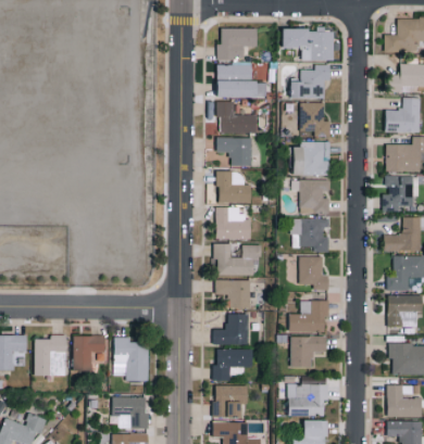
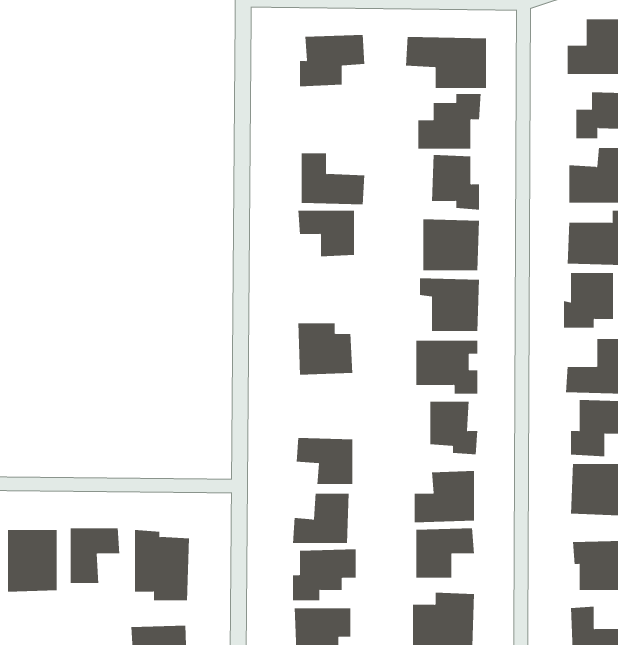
building: [217,64,267,98] -> none
building: [217,170,252,203] -> none
building: [214,243,261,276] -> none

